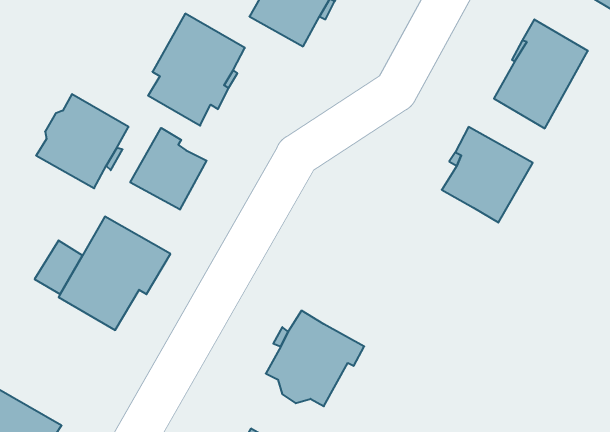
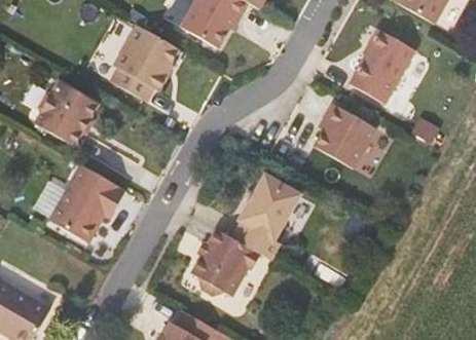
building: [130,128,207,210] -> none
building: none -> [232,174,300,259]

